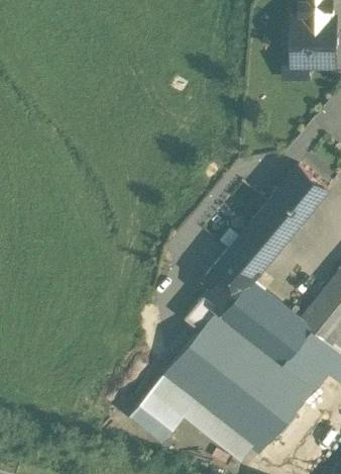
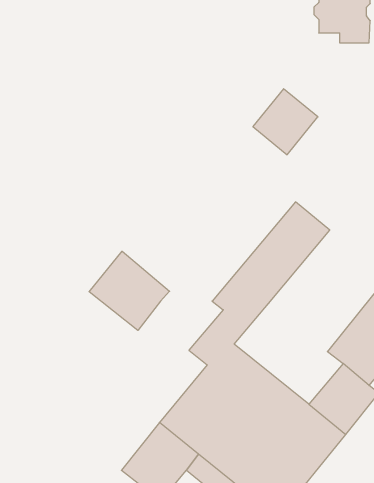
building: [273,166,327,220] -> [253,89,318,155]
building: none -> [89,251,170,330]
building: [223,281,313,364] -> none

